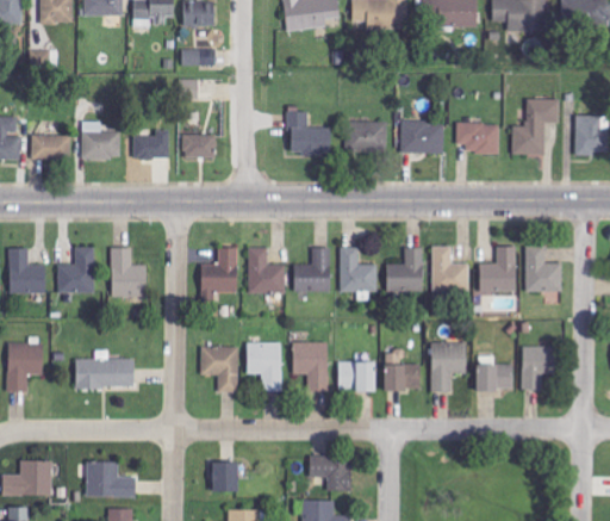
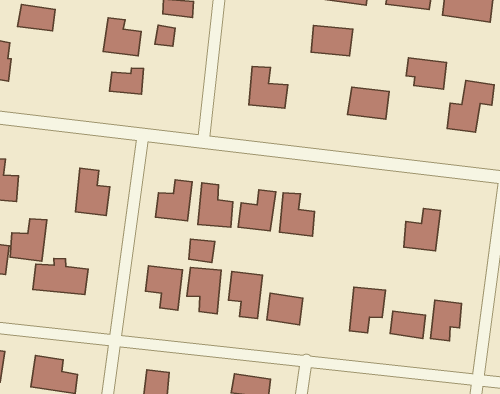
building: [81,122,120,160] -> [103,18,141,56]
building: [343,122,387,153] -> [311,26,353,56]
building: [456,124,499,154] -> [406,58,447,89]
building: [31,135,70,160] -> [18,4,55,31]
building: [182,135,216,159] -> none
building: [431,246,468,292] -> none
building: [525,246,562,292] -> none
building: [57,247,94,293] -> [10,219,47,261]
building: [386,248,423,292] -> none
building: none -> [189,239,215,262]
building: [384,353,421,391] -> none

